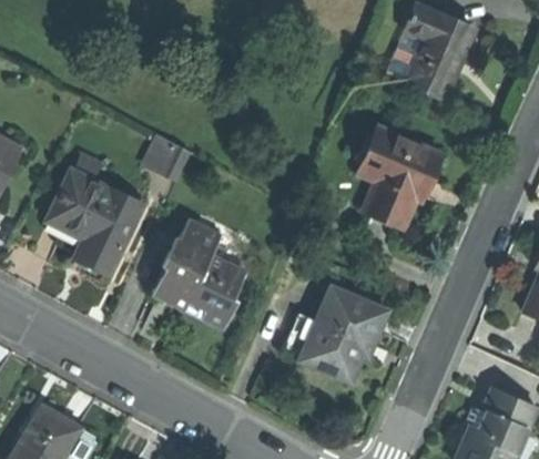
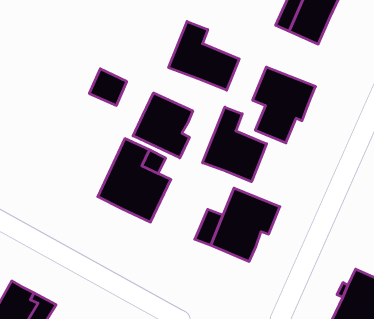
building: none -> [169,21,239,90]
building: none -> [133,93,193,158]
building: [48,172,143,275] -> none
building: none -> [203,107,267,182]

